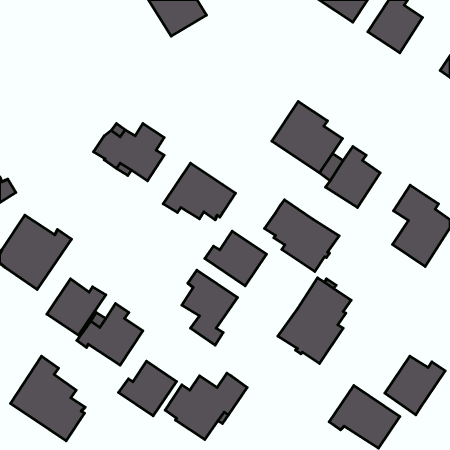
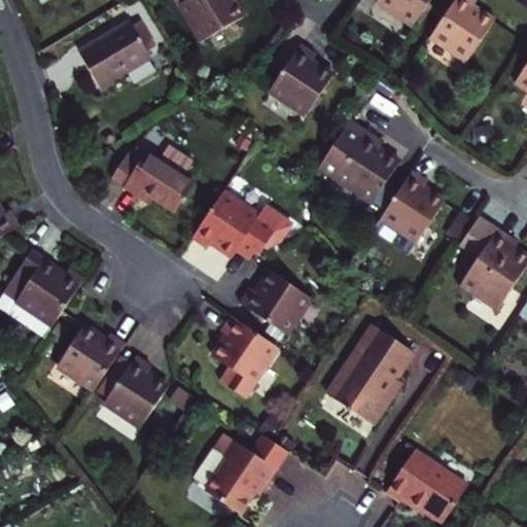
building: none -> [78,21,150,86]
building: none -> [269,45,331,116]
building: [265,200,339,271] -> none
building: [385,356,445,415] -> none
building: [10,356,85,441] -> none
building: [118,361,177,416] -> none

